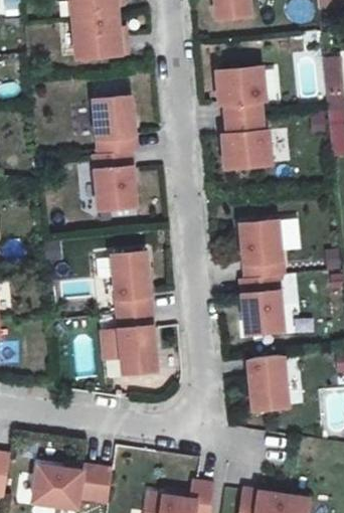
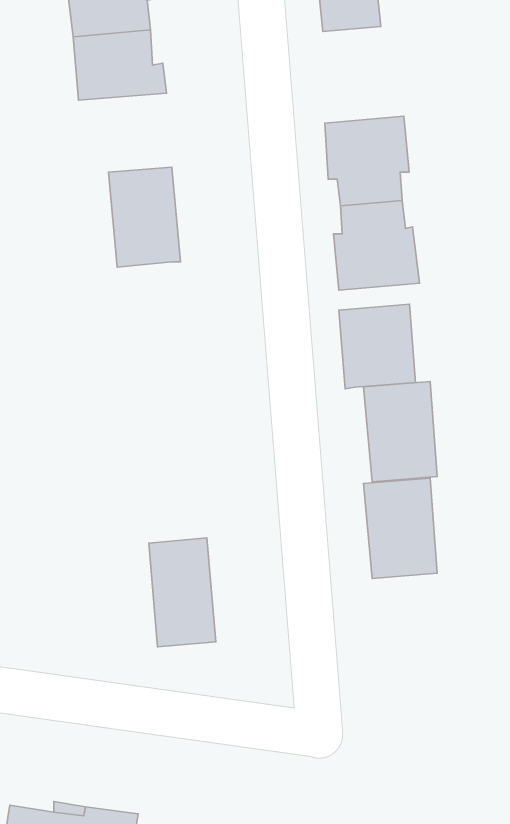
building: [95,152,136,209] -> none
building: none -> [339,304,416,389]
building: [113,251,151,313] -> none
building: [247,355,286,408] -> none

